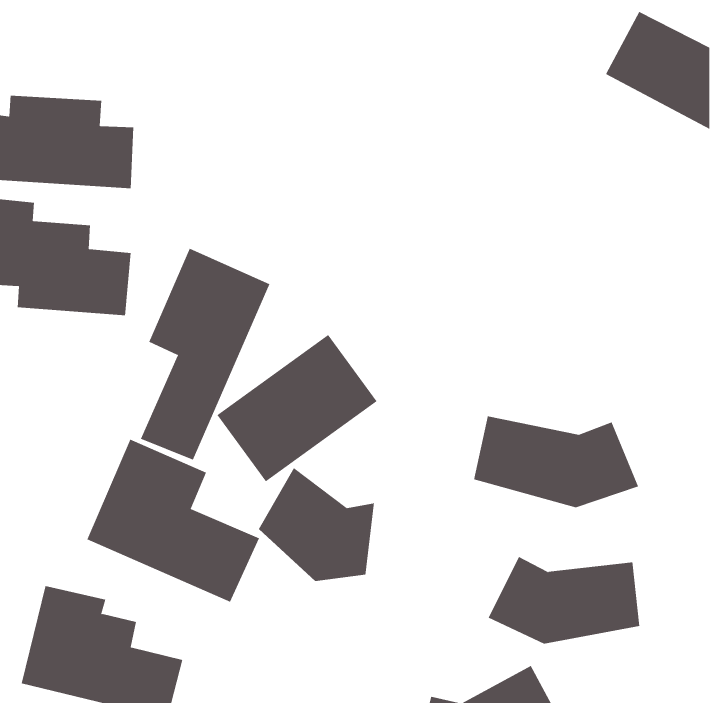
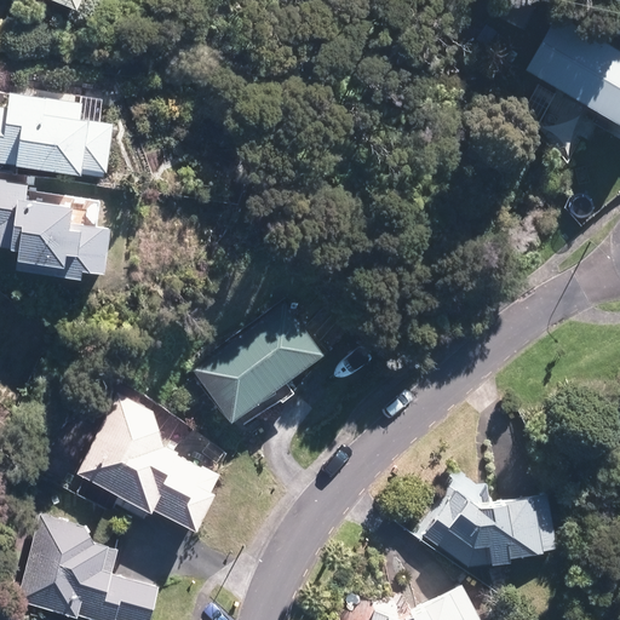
building: [140,248,270,461] -> none
building: [473,415,639,508] -> none
building: [258,467,374,582] -> none

